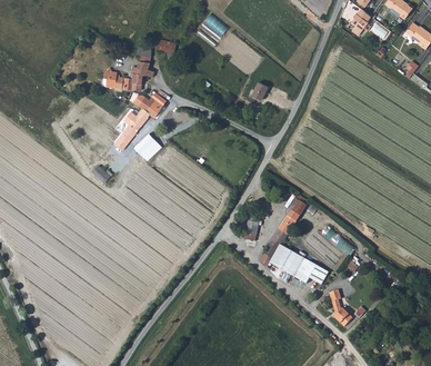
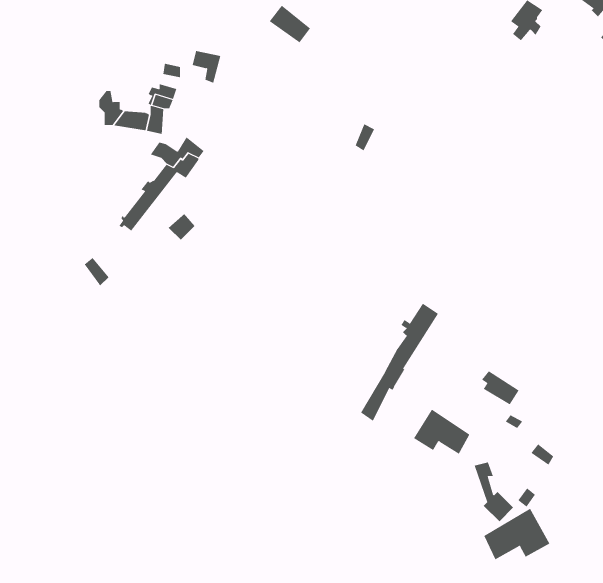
building: [270,245,303,276] -> none
building: none -> [483,508,550,560]

